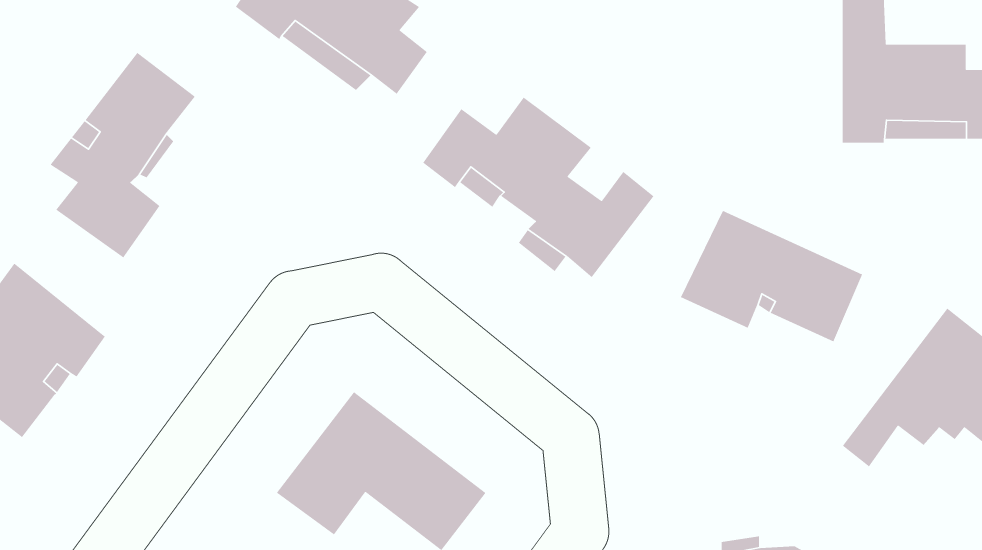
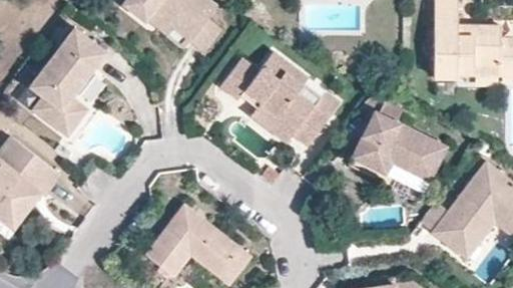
building: none -> [449,222,493,259]

